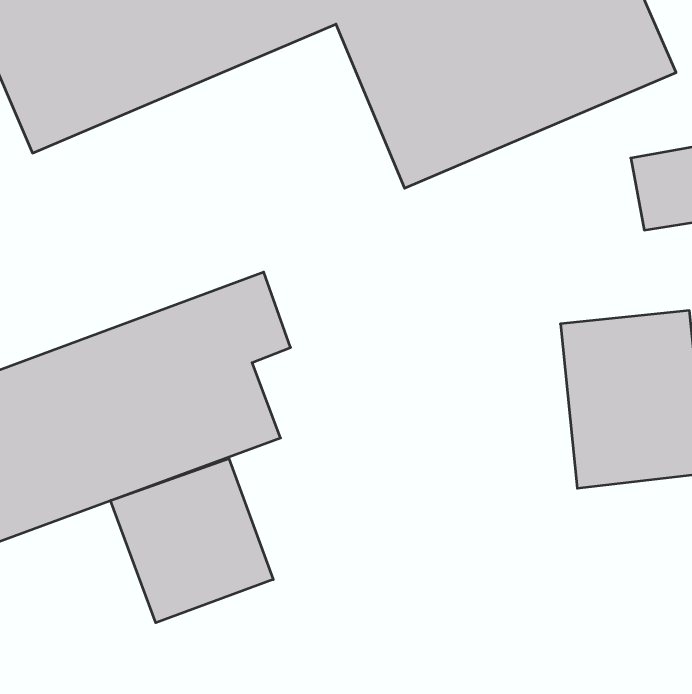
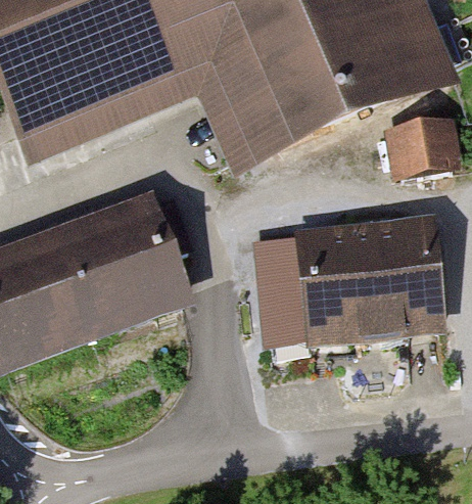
building: none -> [258,237,361,347]
building: [111,459,273,623] -> none

